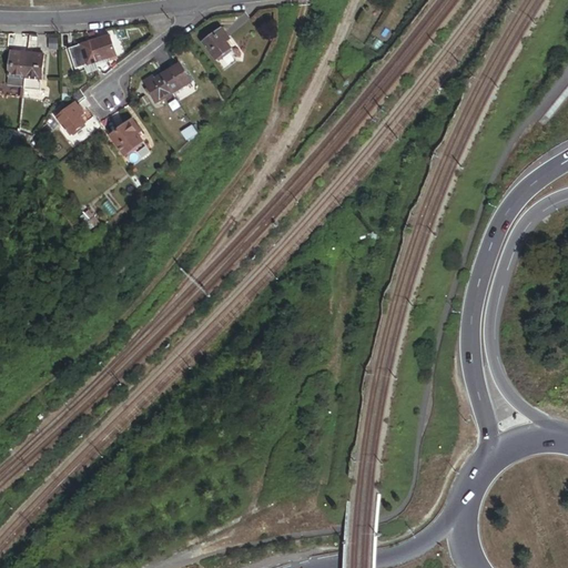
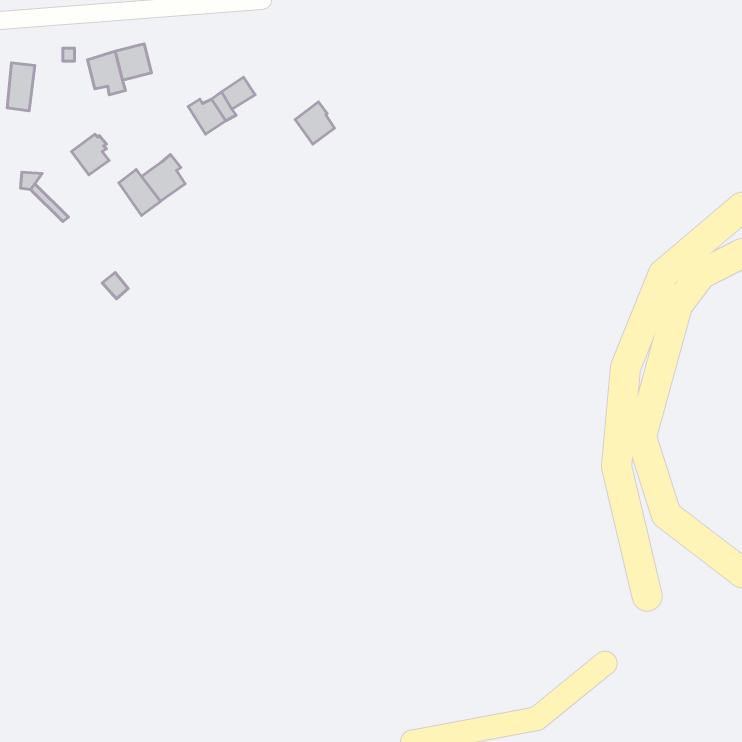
building: [202,28,232,60] -> [295,102,335,144]
building: [22,50,43,88] -> none
building: none -> [119,169,160,216]

